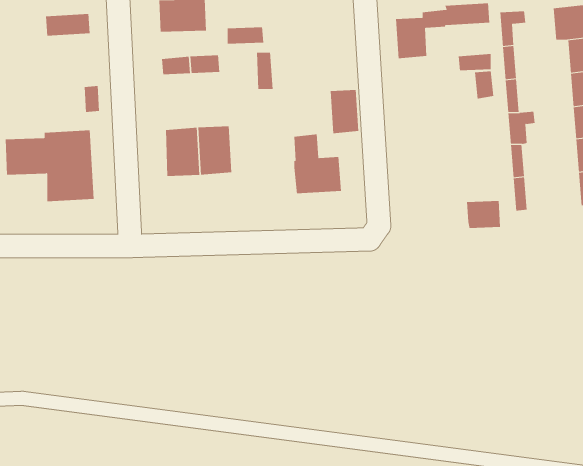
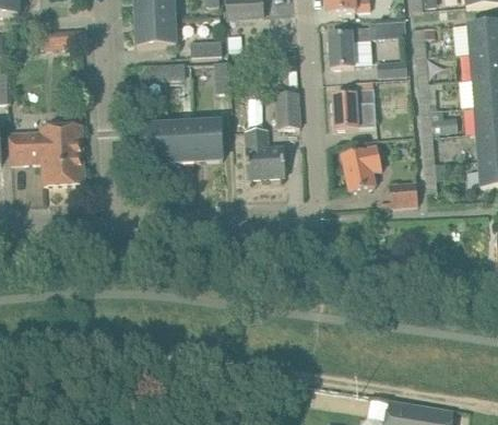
building: none -> [332,87,376,128]
building: none -> [193,120,223,160]
building: none -> [342,145,382,191]

